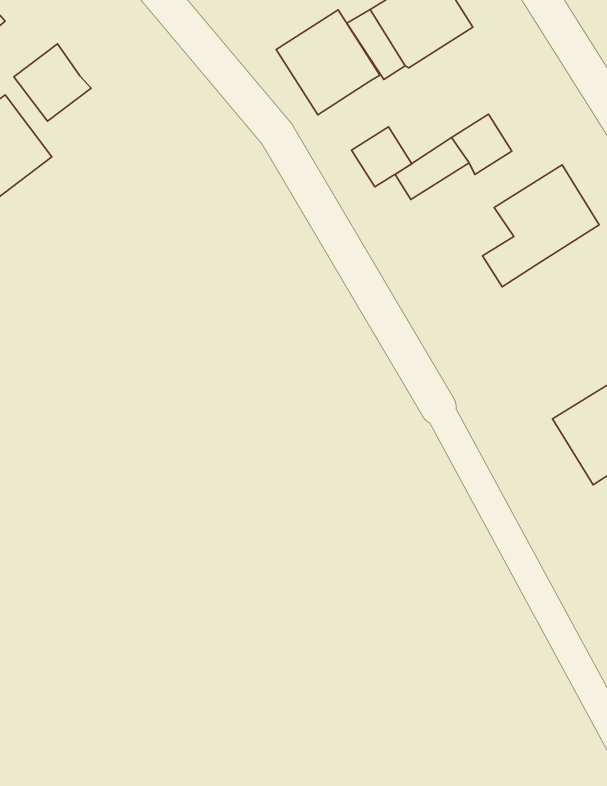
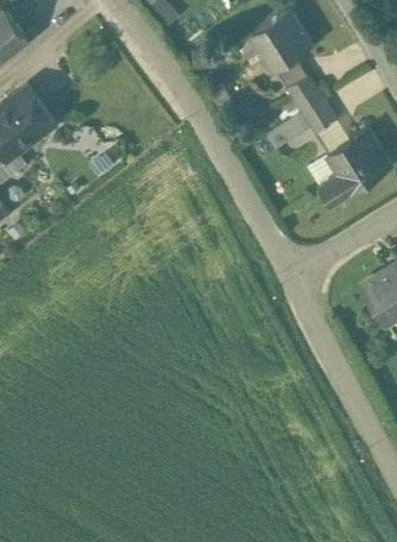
building: [276,10,380,115] -> none
building: [14,44,91,121] -> none
building: [352,127,412,187] -> [285,75,322,112]

